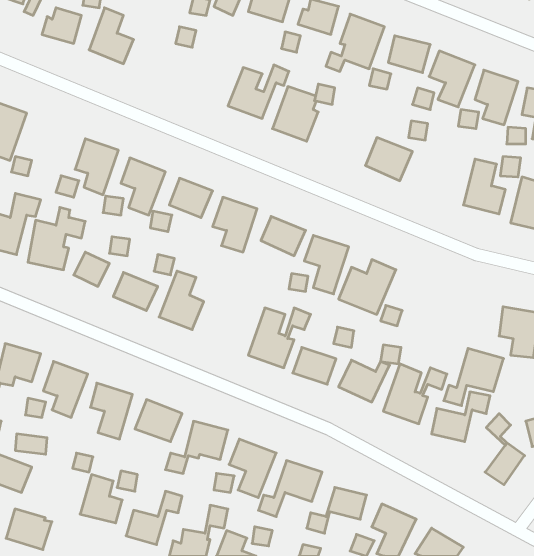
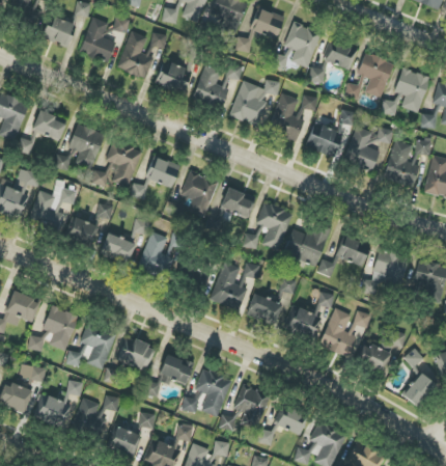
building: none -> [116,31,154,79]
building: none -> [156,62,185,88]
building: none -> [269,92,318,140]
building: none -> [32,112,66,140]
building: none -> [344,126,393,170]
building: none -> [336,236,369,266]
building: [444,348,504,406] -> [360,248,409,295]
building: [6,509,52,550] -> [33,393,71,427]

